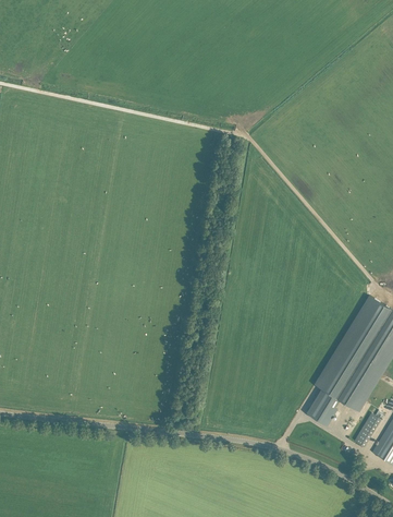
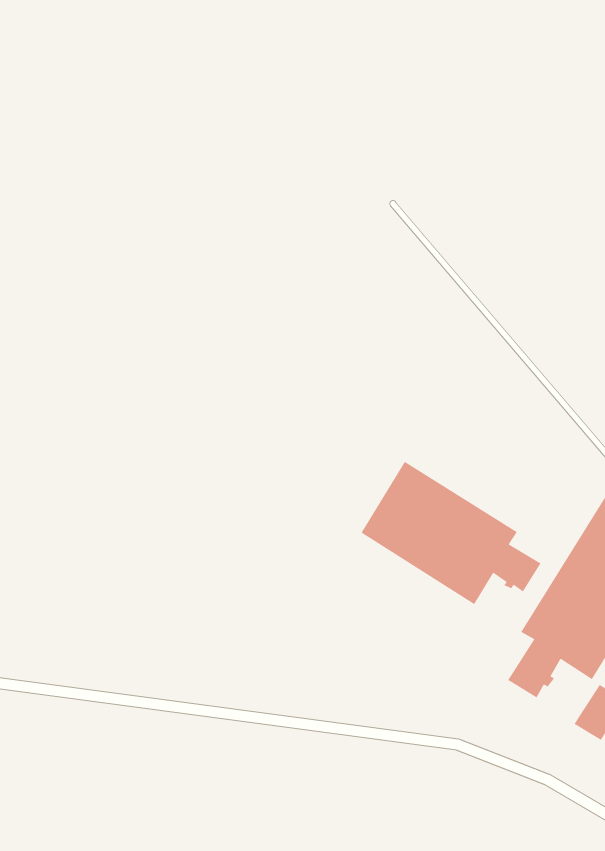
building: none -> [361,461,541,605]

